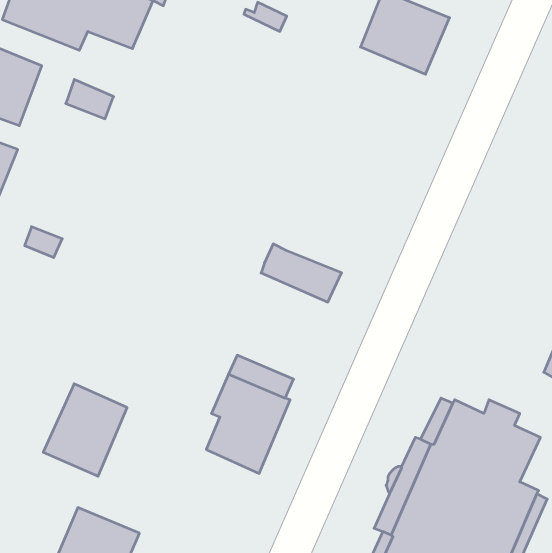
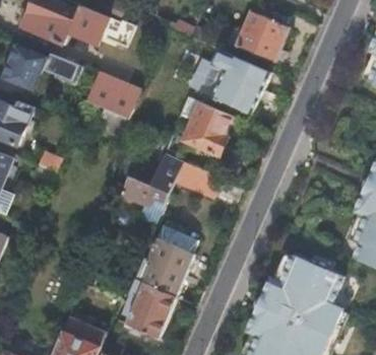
building: none -> [192,55,263,114]
building: none -> [87,72,141,118]
building: none -> [187,104,233,155]
building: none -> [121,164,179,208]
building: [43,384,127,476] -> [126,283,176,338]

